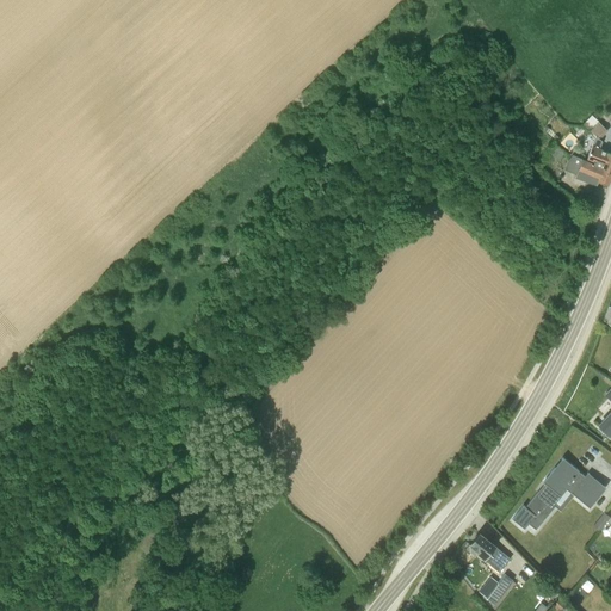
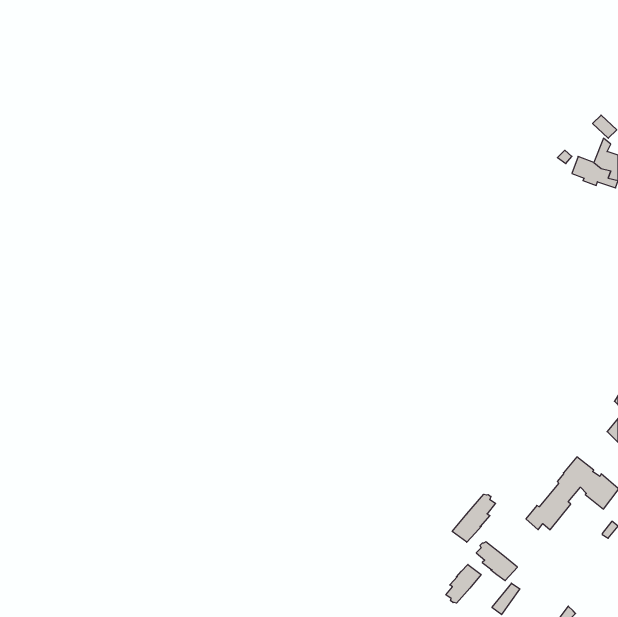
building: none -> [452,494,496,542]
building: none -> [446,564,481,603]

